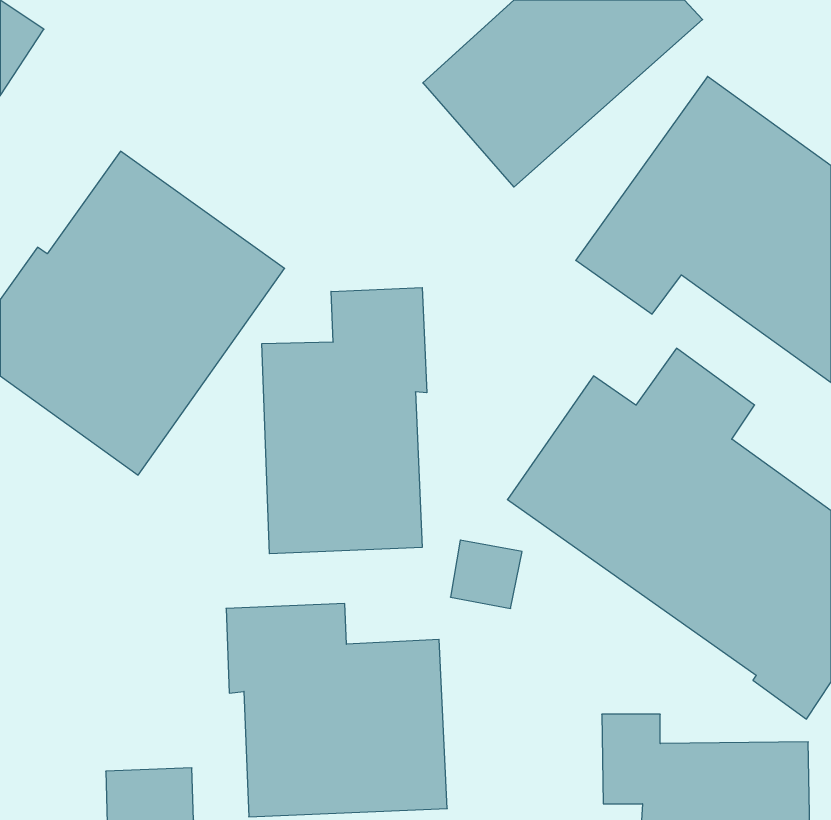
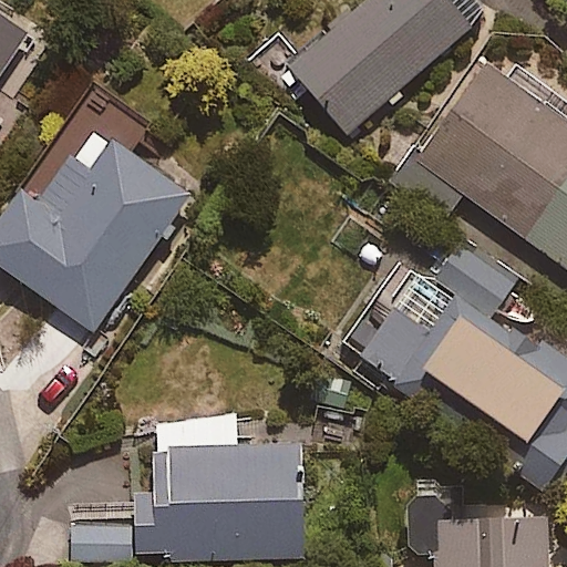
building: [262,288,427,554] -> none

